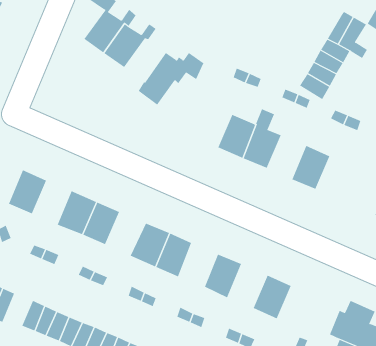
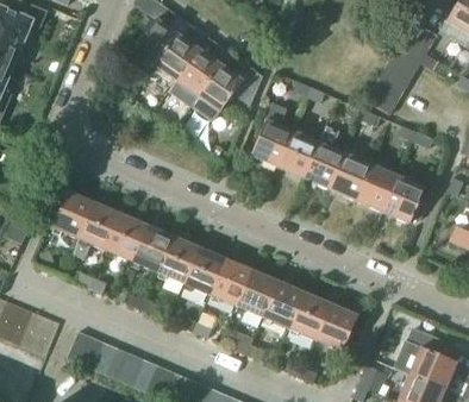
building: none -> [177,48,233,96]
building: none -> [250,103,293,167]
building: none -> [331,153,373,201]
building: none -> [383,176,425,224]
building: none -> [70,202,120,259]
building: none -> [157,235,200,283]
building: none -> [236,269,277,316]
building: none -> [288,291,331,339]

